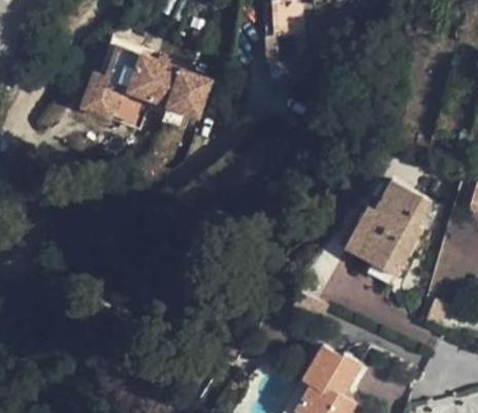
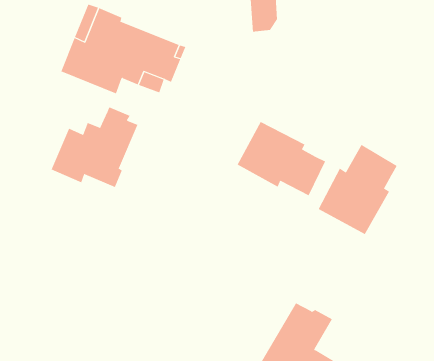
building: none -> [51,107,138,188]
building: none -> [237,121,326,196]

